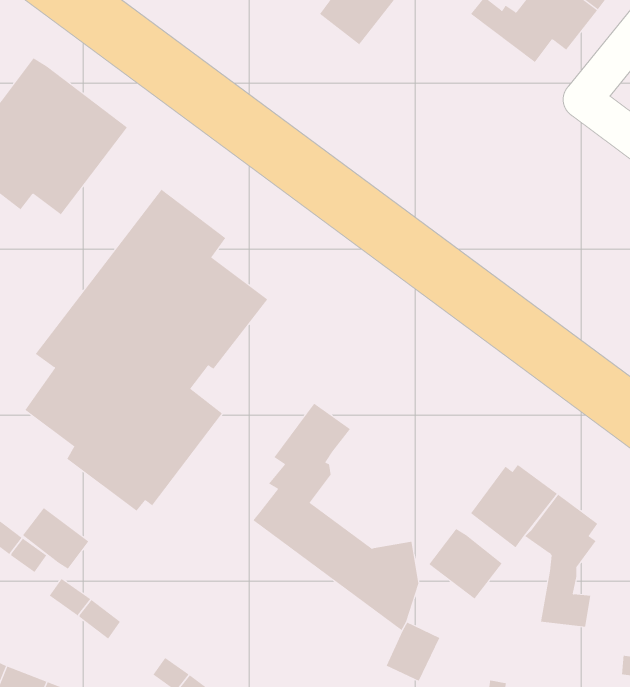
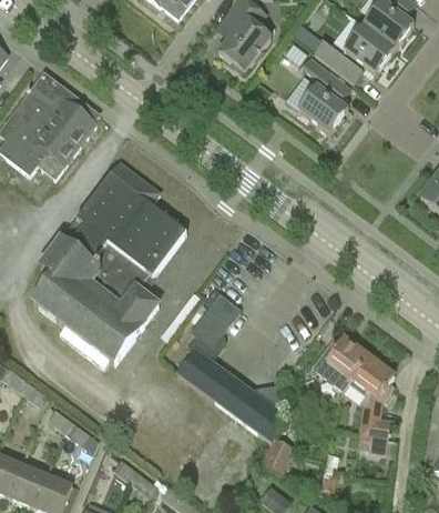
building: none -> [297,56,351,134]
building: [22,507,89,569] -> none
building: [428,528,502,599] -> none

